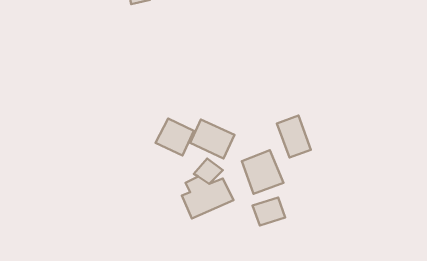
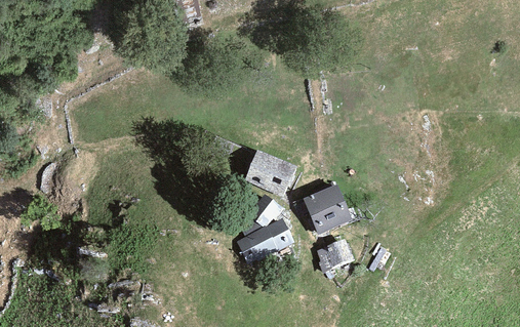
building: [277,116,311,158] -> none
building: [155,118,194,155] -> none

